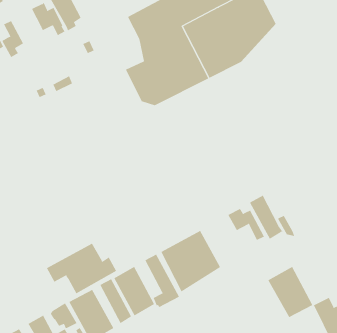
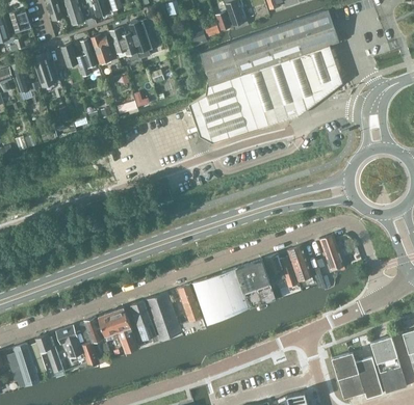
building: none -> [88,34,112,63]
building: none -> [318,234,343,270]
building: [46,243,117,294] -> none
building: [268,266,313,318] -> [235,259,275,307]

